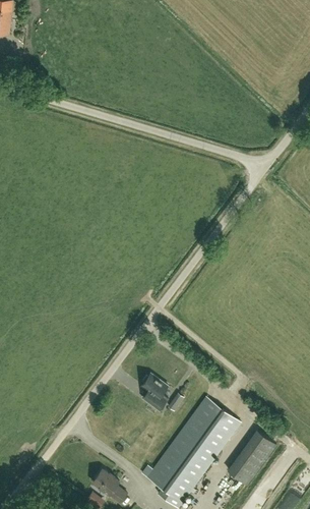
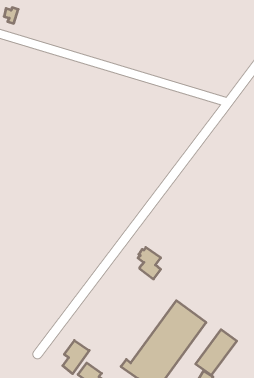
building: [141,374,168,410] -> [138,247,161,279]
building: none -> [63,340,89,374]

